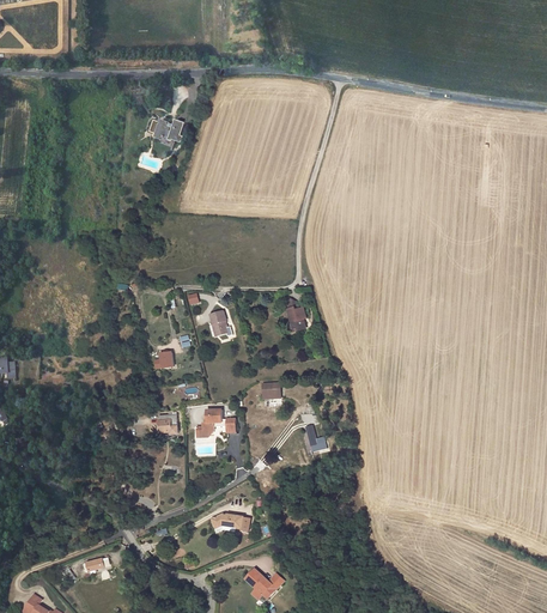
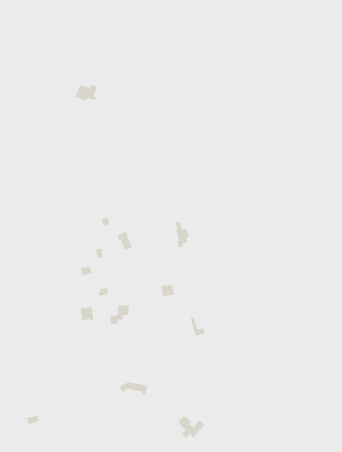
building: [244,568,281,600] -> [178,415,205,439]

